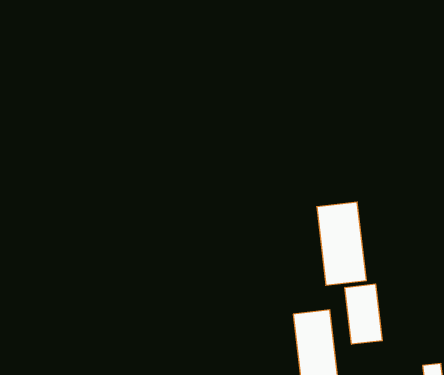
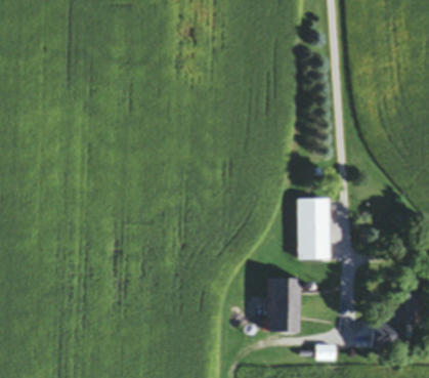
building: [345,284,382,344] -> none

